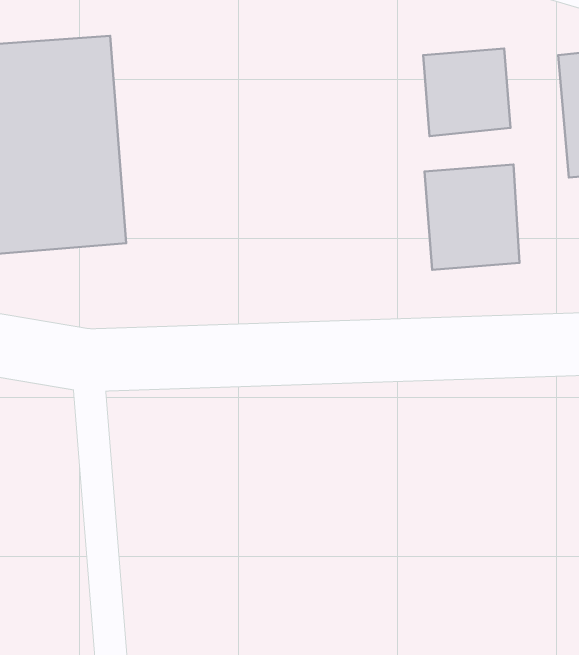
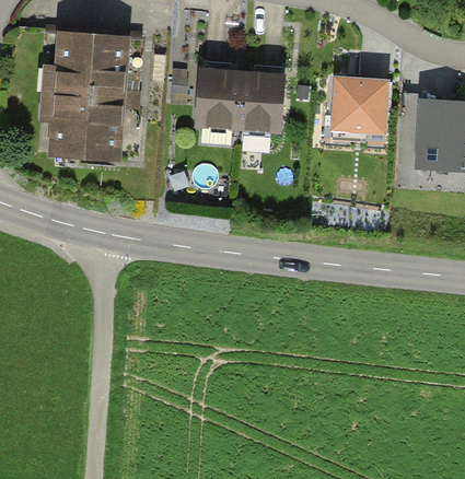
building: none -> [190,69,280,131]
building: [424,164,519,270] -> none

